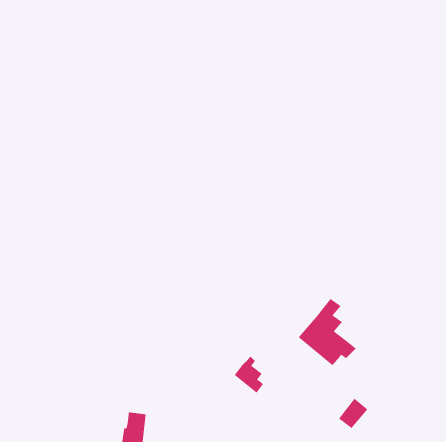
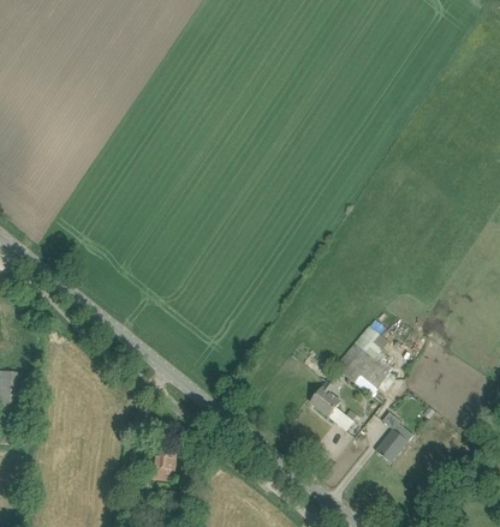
building: [234,355,264,393] -> [311,379,343,419]

